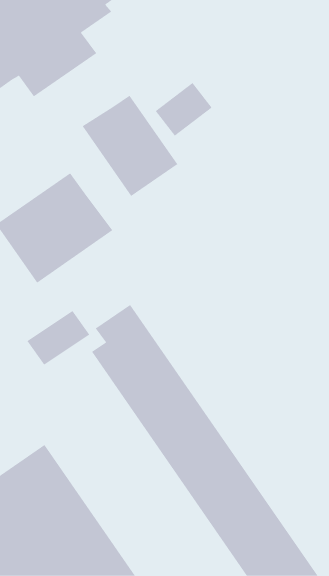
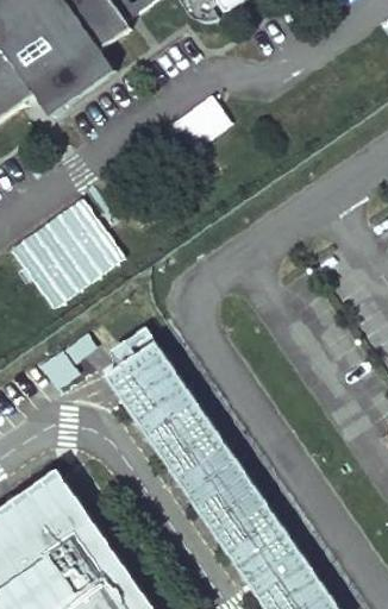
building: [82,95,178,197] -> none

